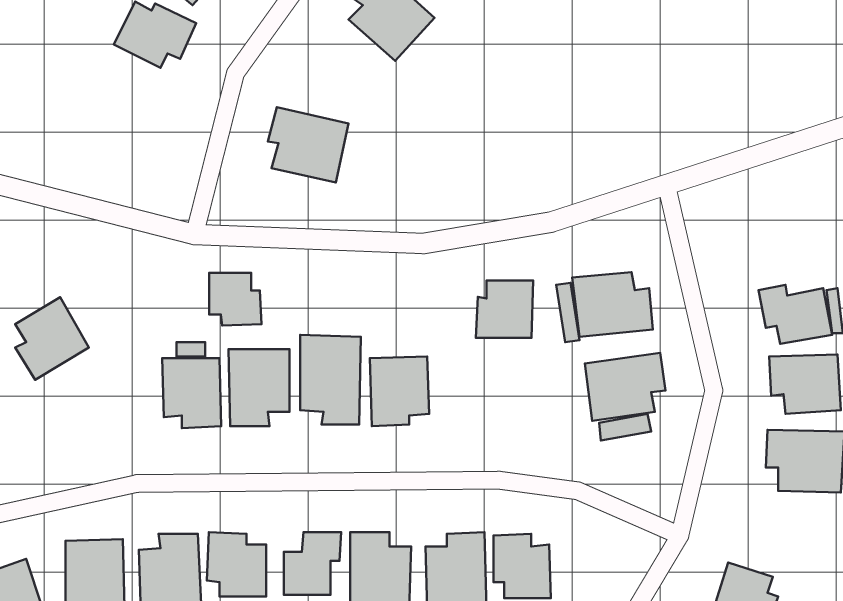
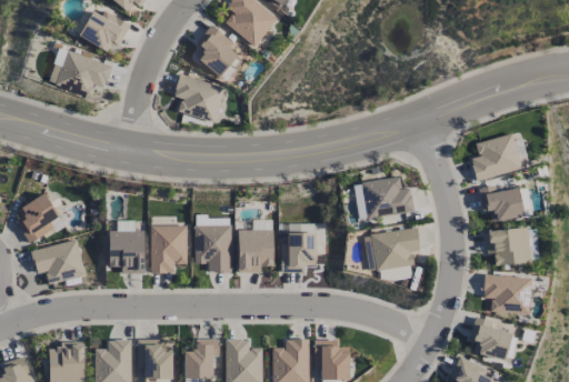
building: none -> [196,24,243,82]
building: none -> [49,48,113,97]
building: none -> [471,134,521,180]
building: [209,273,261,326] -> none
building: [476,281,533,338] -> [281,233,317,269]
building: none -> [31,241,86,283]
building: none -> [470,318,512,360]

